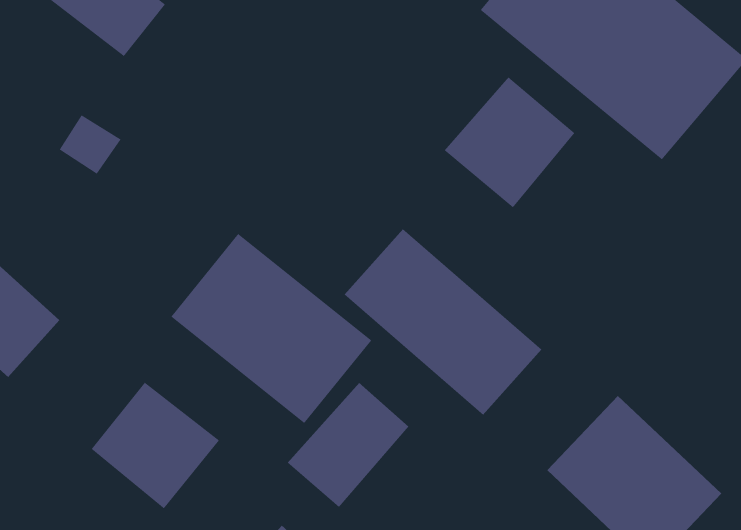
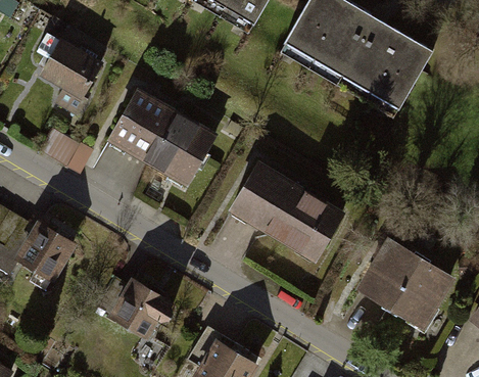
building: [444,76,575,208] -> none
building: [171,233,372,424] -> [105,91,219,190]
building: [287,382,409,508] -> none

